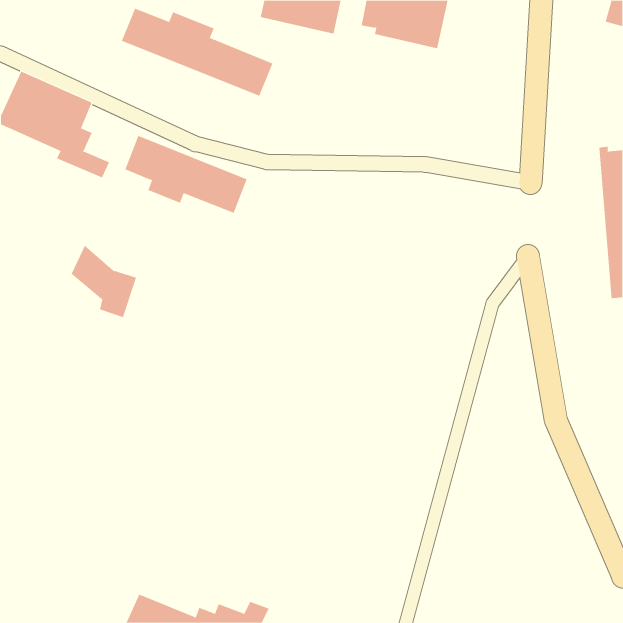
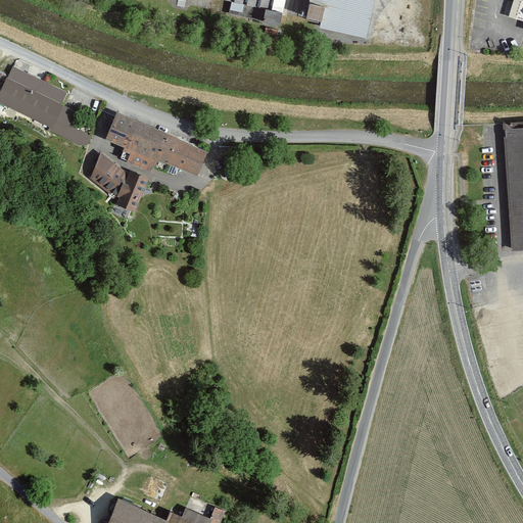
building: [121,8,273,96] -> none
building: [71,245,137,318] -> [90,151,145,212]

